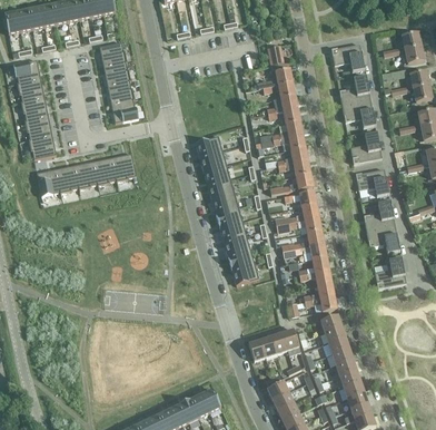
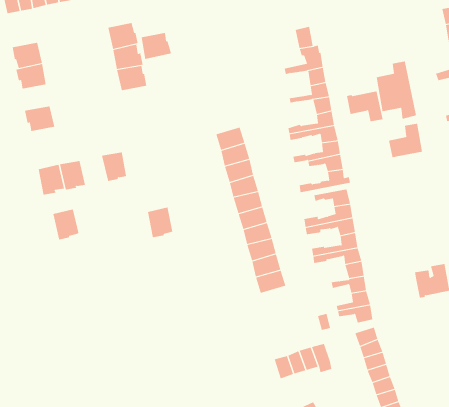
building: [331,43,365,71] -> [346,91,384,122]
building: [21,97,48,120] -> none
building: [111,98,139,123] -> [141,32,172,60]
building: [29,135,57,158] -> none
building: [112,153,136,180] -> [147,207,173,238]
building: [75,160,99,188] -> [52,209,80,240]
building: [356,168,389,196] -> none
building: [364,201,400,253] -> none

